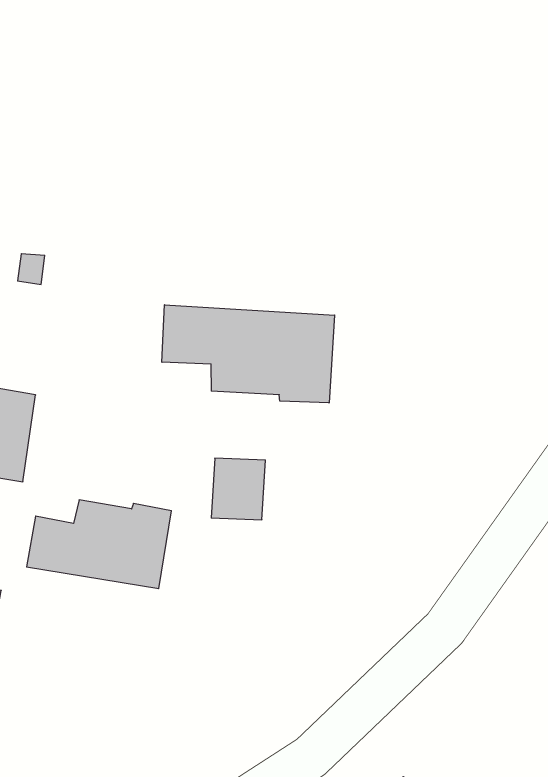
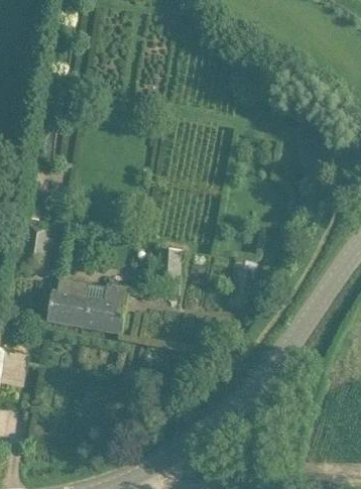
building: [162,305,335,403] -> none

